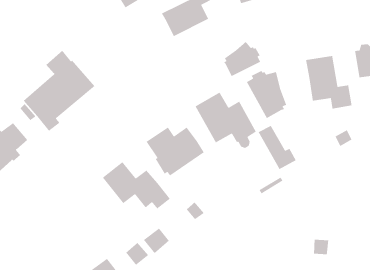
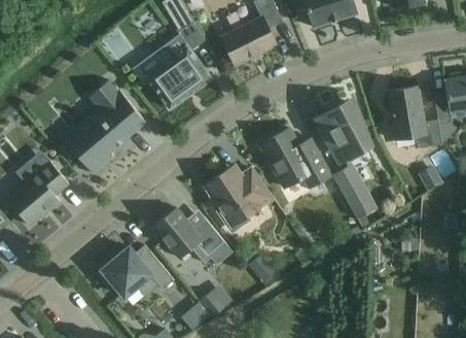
building: none -> [132,45,212,109]
building: [223,41,261,77] -> none
building: none -> [100,245,174,297]

